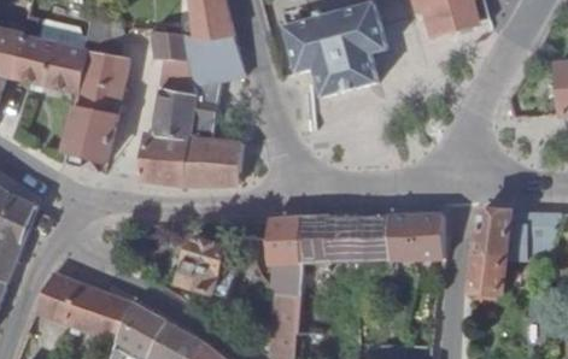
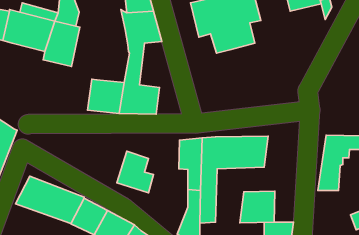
building: [150,33,197,139] -> none
building: [63,106,113,161] -> none
building: [391,214,441,260] -> [240,191,275,223]

